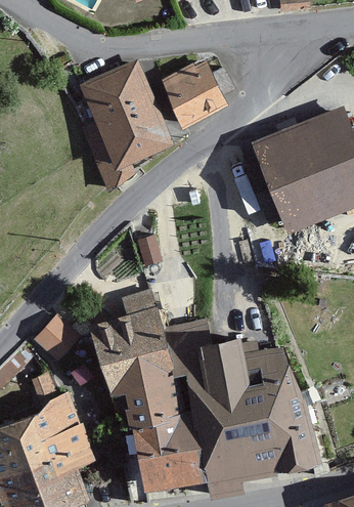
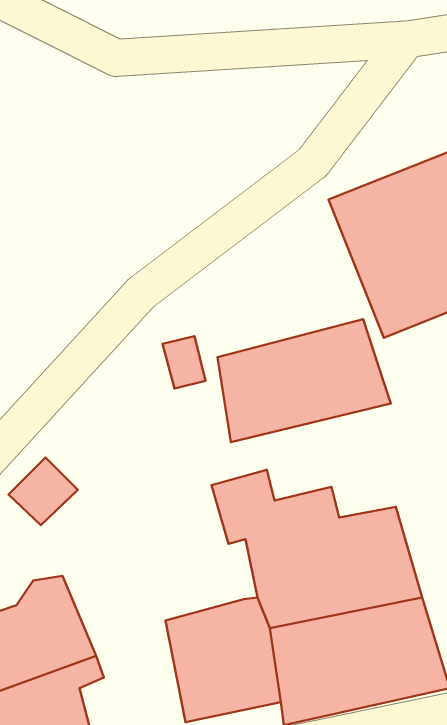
building: [77,59,173,186] -> none
building: [158,60,226,130] -> none
building: none -> [218,319,391,442]
building: [99,301,191,428] -> none

